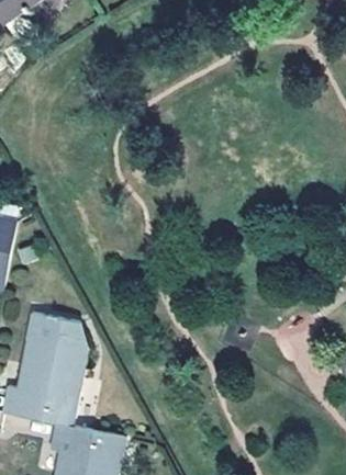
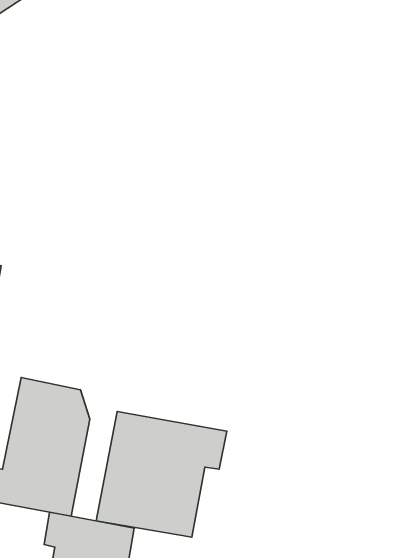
building: none -> [96,411,227,537]

